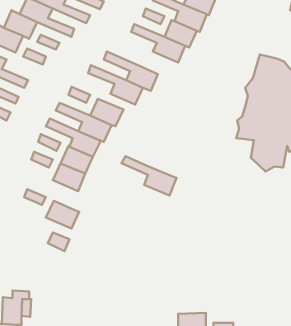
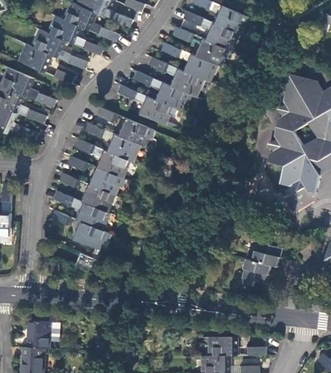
building: none -> [147,56,203,97]
building: [122,156,176,196] -> [53,191,109,231]
building: none -> [240,236,281,285]

